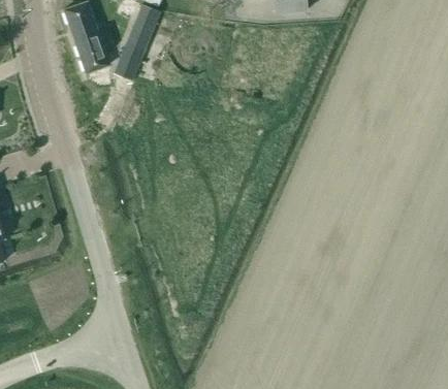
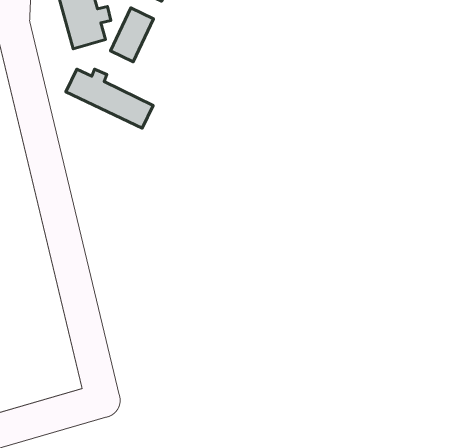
building: none -> [66,69,153,128]

